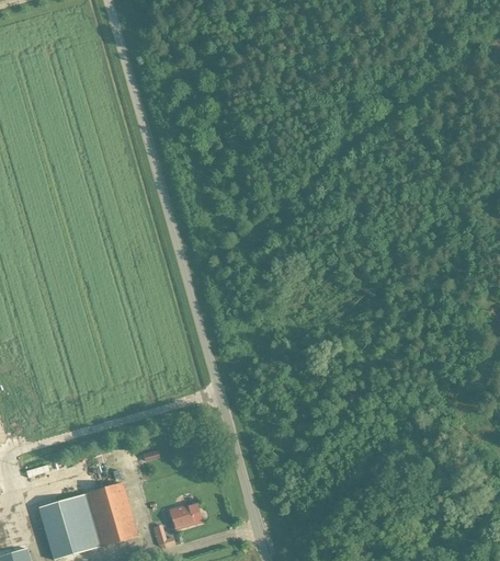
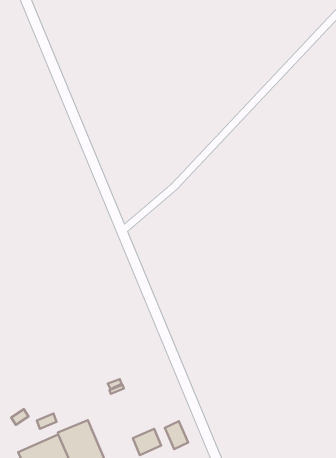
building: none -> [165,421,188,449]

